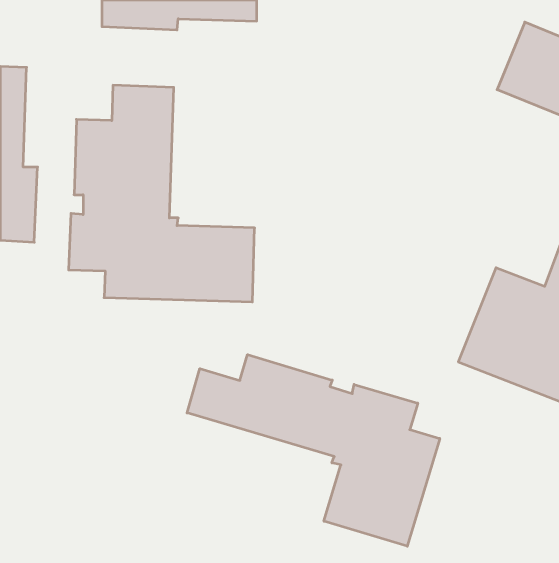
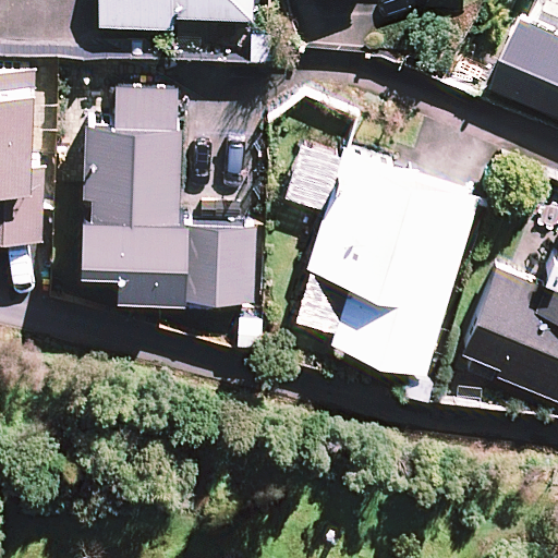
building: none -> [306,145,478,371]
building: [187,355,440,546] -> none

